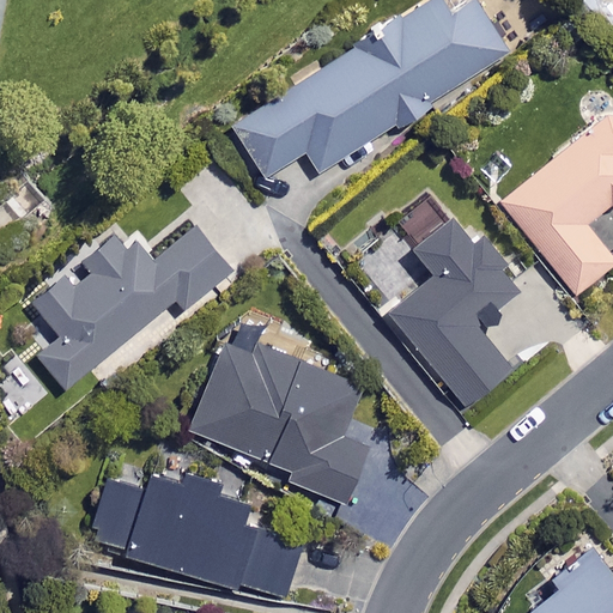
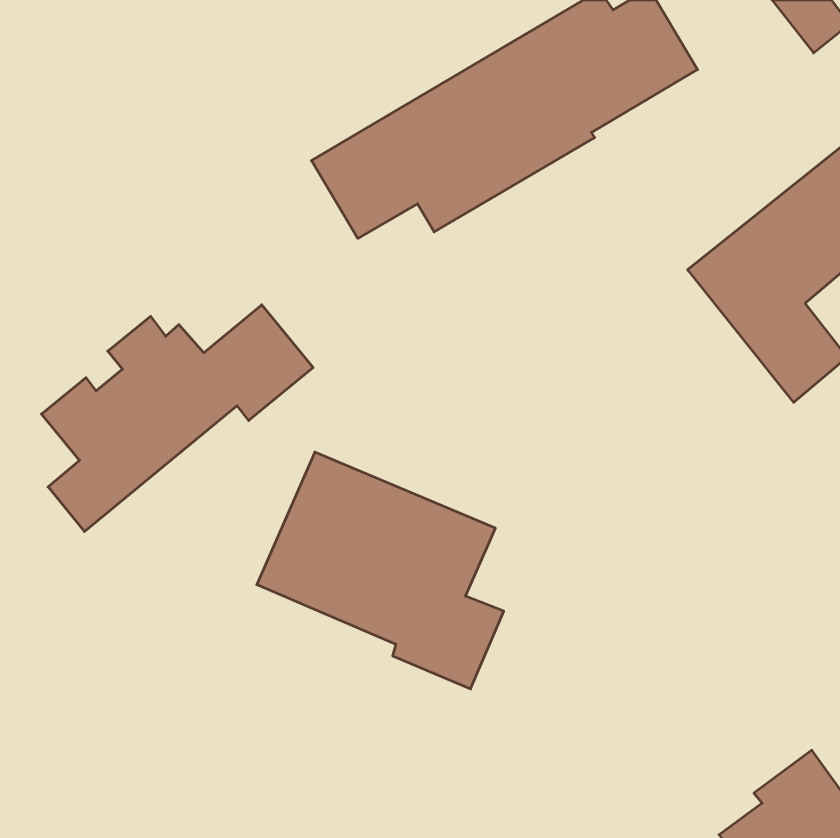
building: [388,199,520,406] -> none
building: [93,463,301,599] -> none

